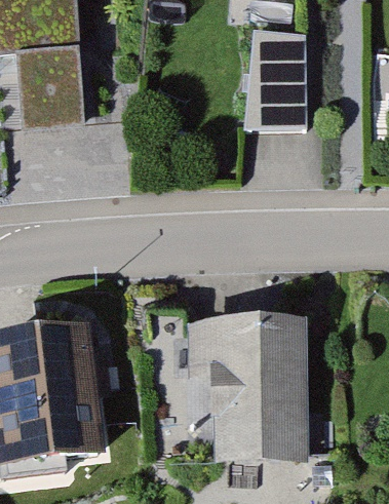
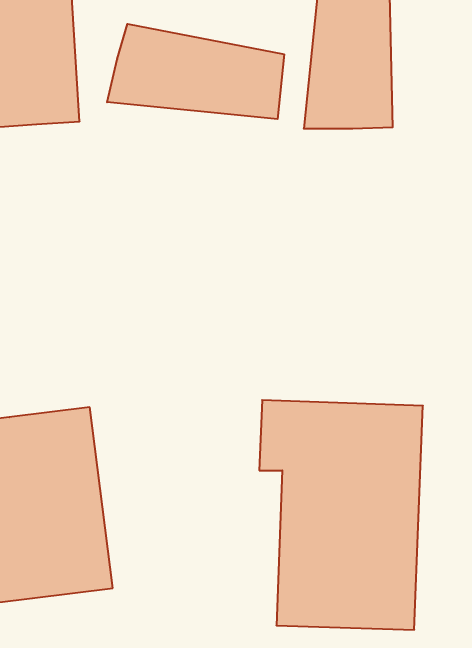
building: none -> [107,24,284,119]

